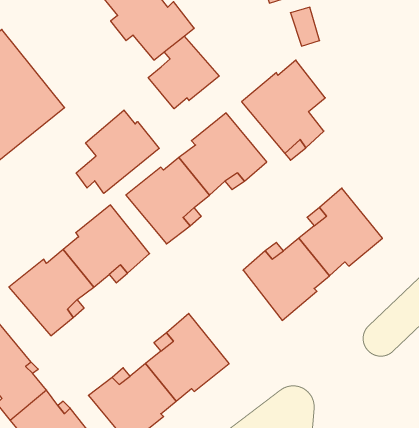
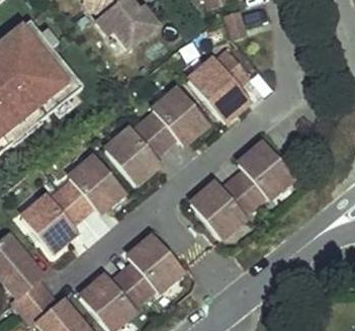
building: [148,36,219,109] -> none
building: [76,110,159,193] -> none

